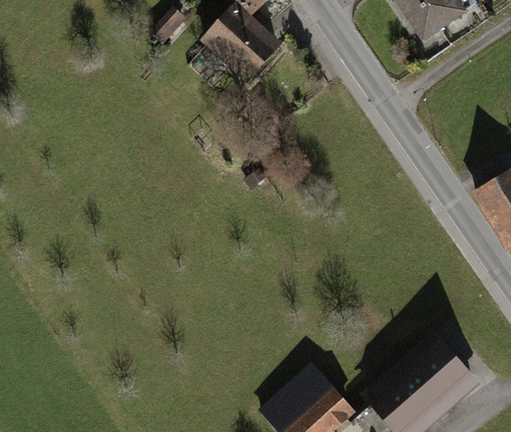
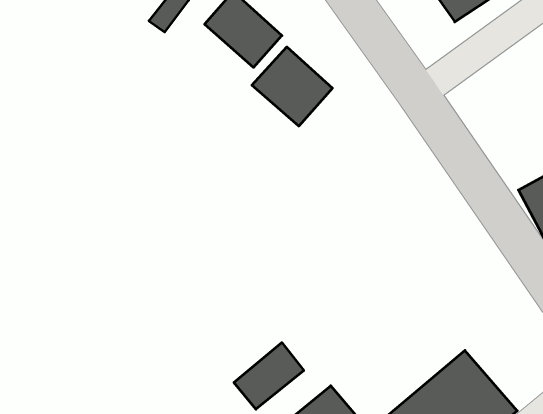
building: none -> [252,47,332,126]
building: none -> [234,343,304,409]

